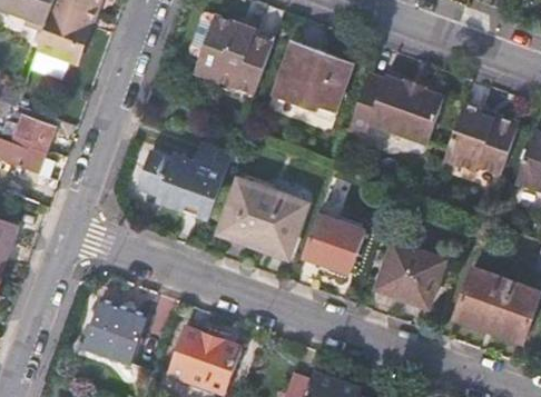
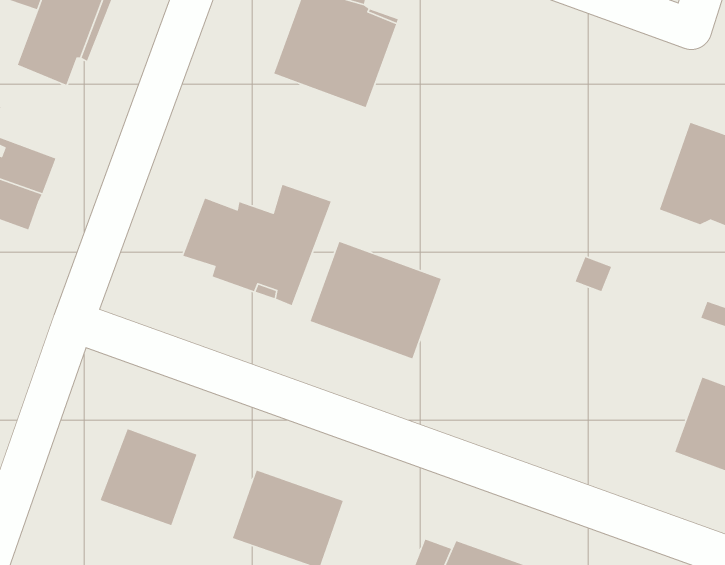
building: [273,39,354,111] -> none
building: [348,72,444,143] -> none
building: [302,214,364,272] -> none
building: [375,240,445,307] -> none

